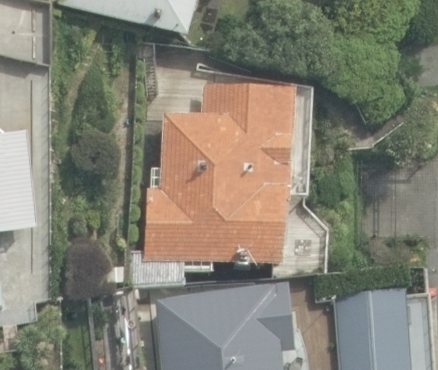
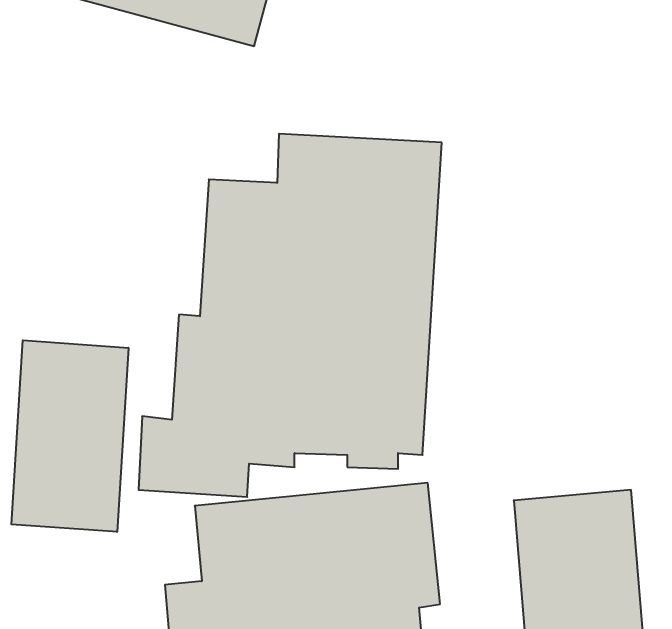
building: none -> [11,340,128,532]

